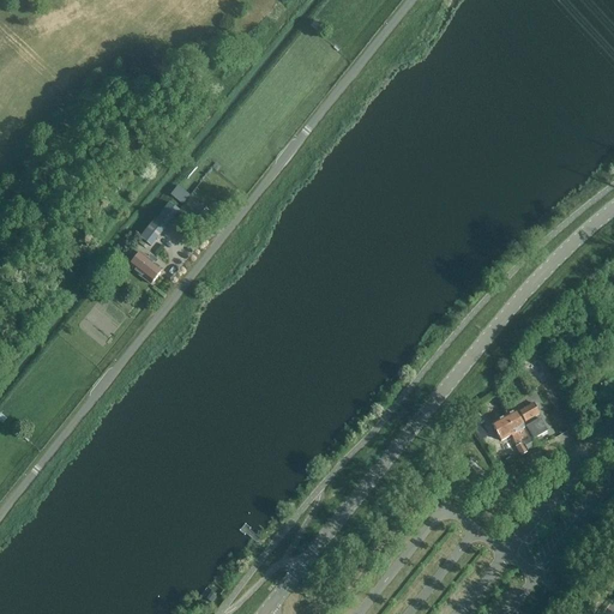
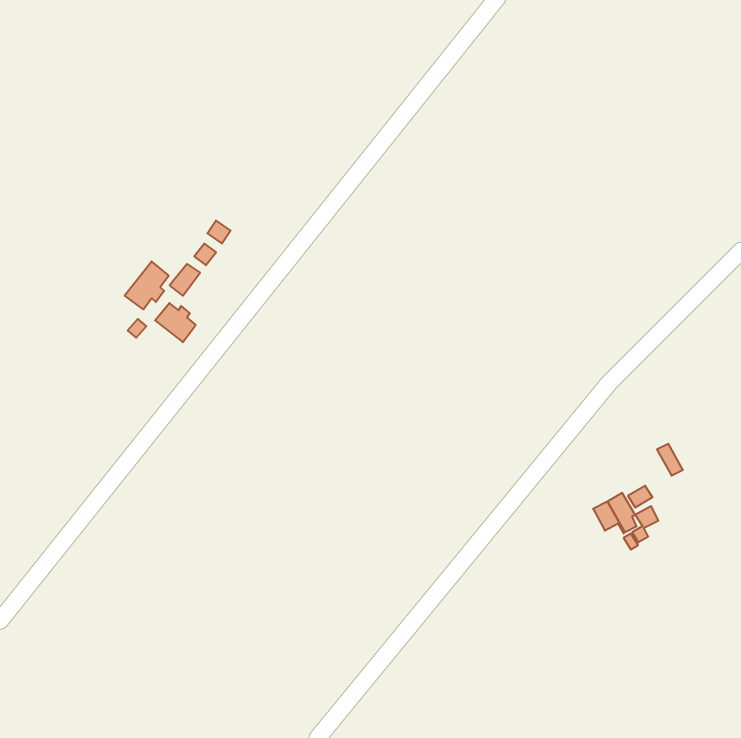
building: none -> [125,261,169,309]

